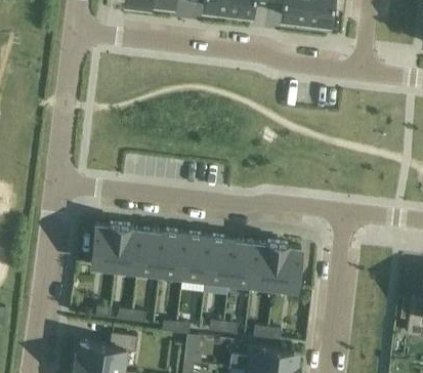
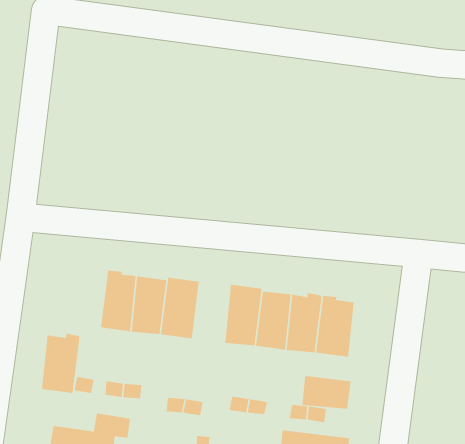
building: [91,226,120,271] -> [41,333,80,393]
building: [182,237,210,282] -> none
building: none -> [302,375,351,409]

